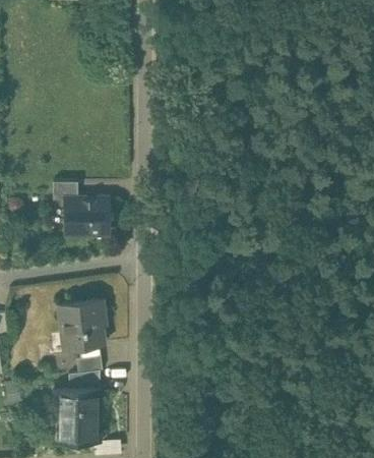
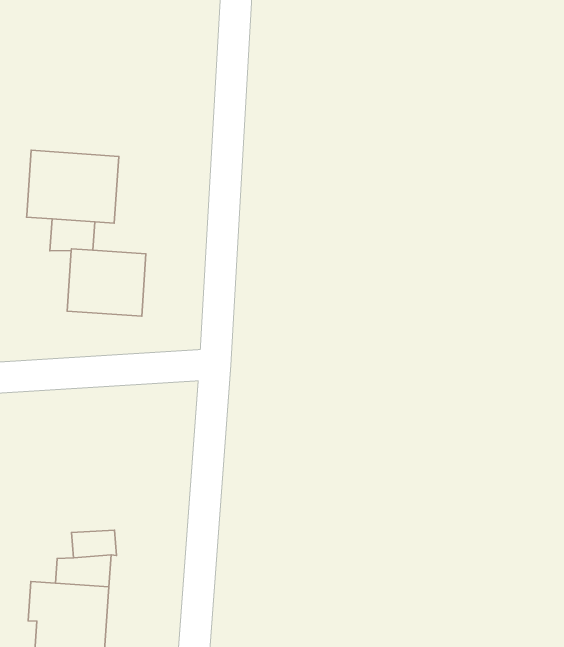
building: none -> [27,150,119,223]
building: [58,300,103,350] -> none

